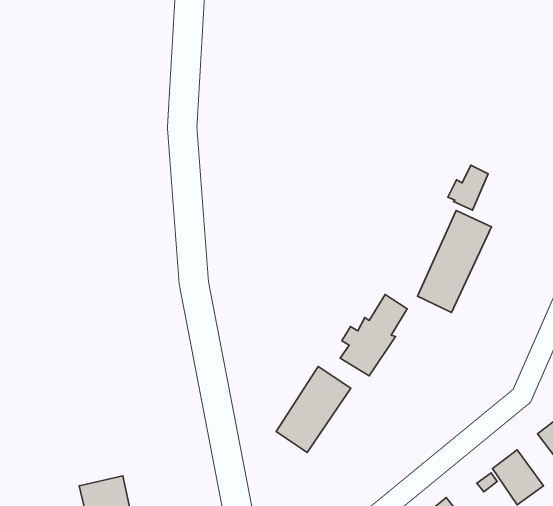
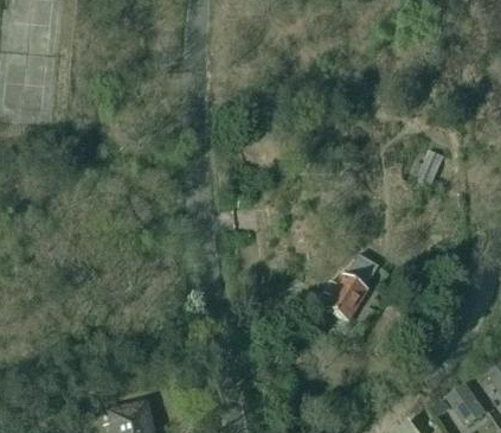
building: [418,210,491,312] -> none
building: [276,367,351,453] -> none

